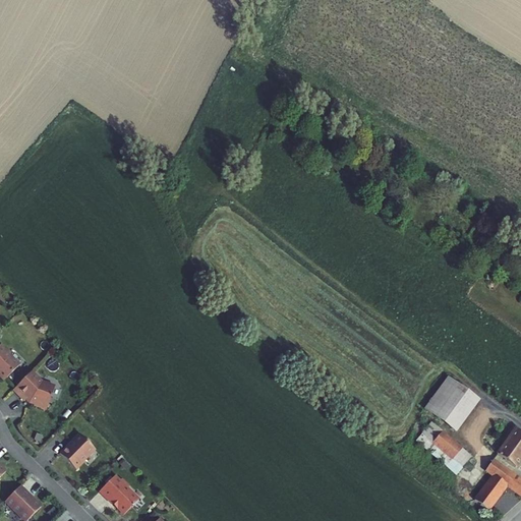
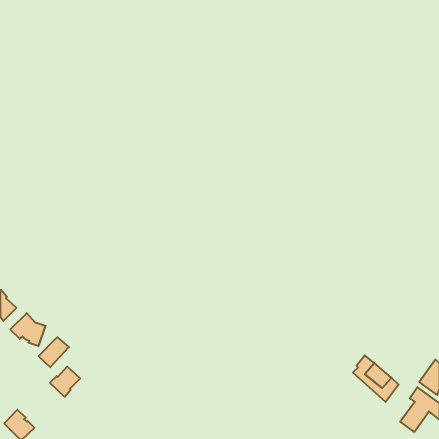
building: [424,374,481,430] -> none
building: none -> [39,337,69,367]
building: [100,474,139,513] -> none

